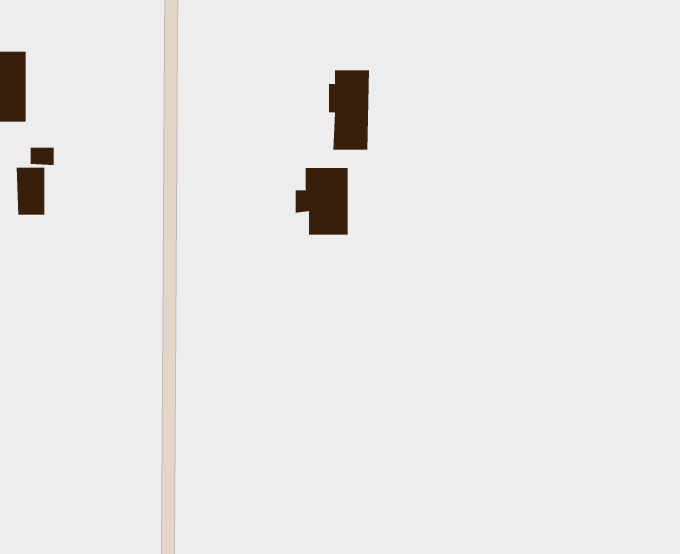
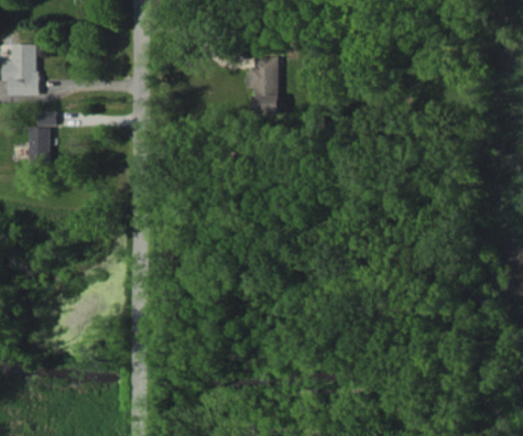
building: [295,167,348,236] -> none

